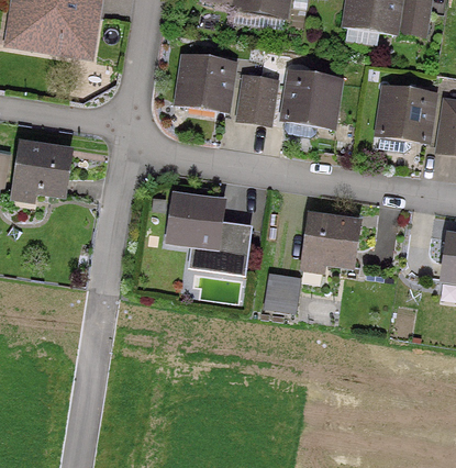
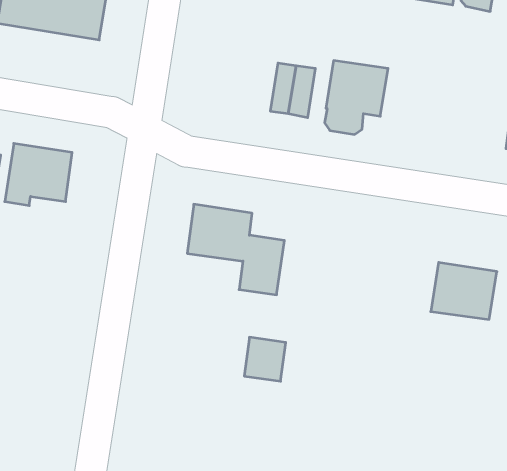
building: [178,57,231,104] -> none
building: [377,88,432,151] -> none
building: [302,215,358,264] -> [431,262,497,319]
building: [264,274,299,311] -> [244,337,286,381]

